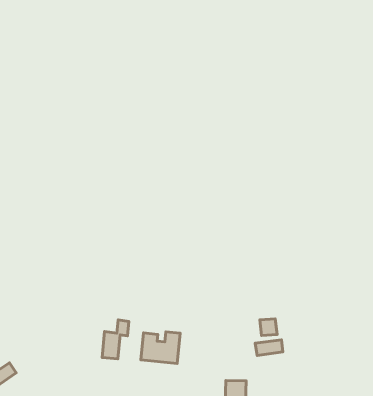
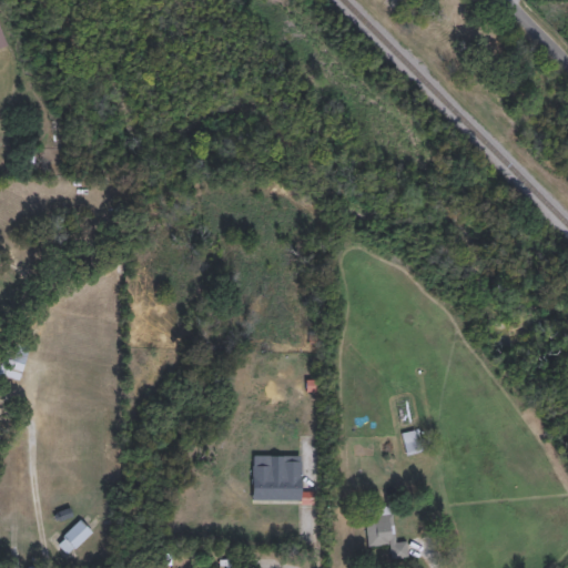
building: [102,320,129,359] -> none
building: [255,340,283,355] -> none

